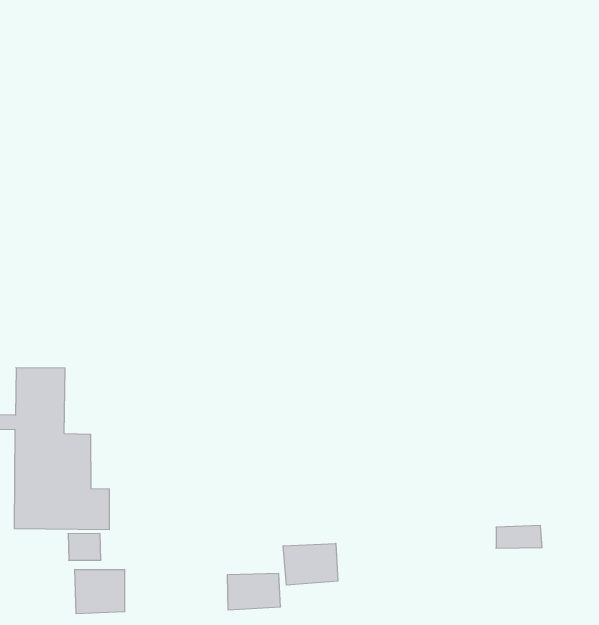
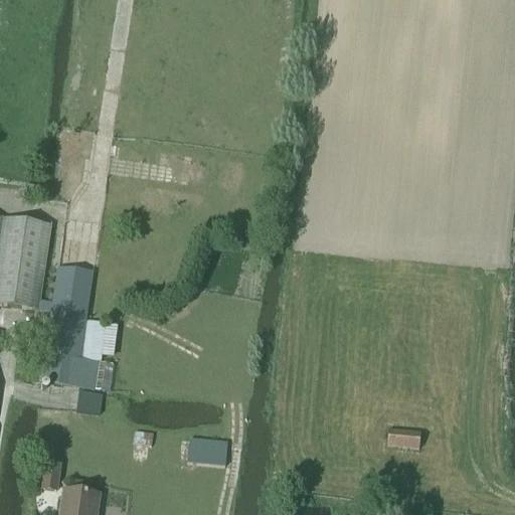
building: [283,543,338,585] -> none
building: [75,569,125,614] -> none

